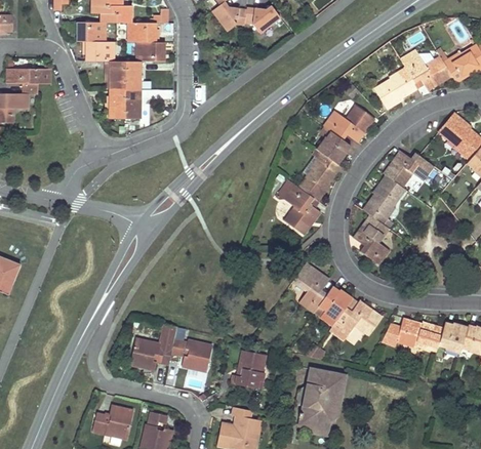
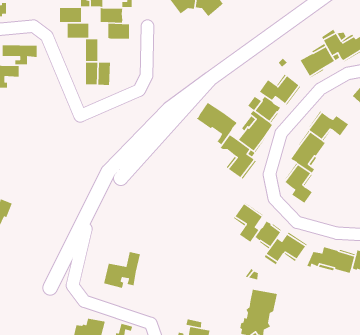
building: [125,60,141,89] -> none
building: none -> [195,102,238,146]
building: [172,339,213,372] -> none
building: [231,351,266,390] -> none

